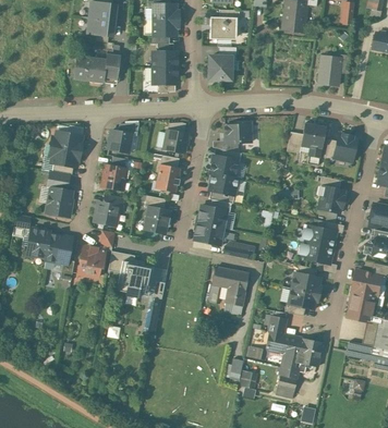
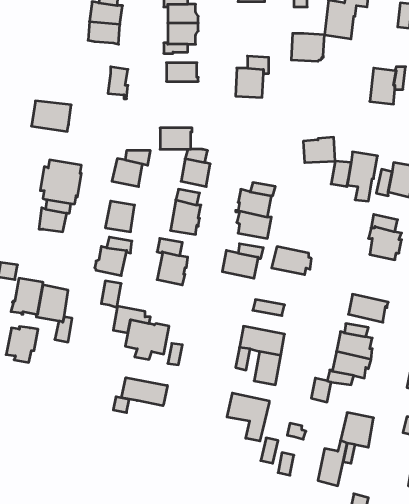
building: [209,17,237,40] -> [291,33,325,61]
building: [73,58,106,83] -> [31,101,71,131]
building: [151,68,178,85] -> [160,128,192,149]
building: [225,123,251,144] -> [303,137,335,163]
building: [47,188,72,218] -> none
building: [193,223,226,246] -> [272,247,311,275]
building: [304,227,336,248] -> none
building: [78,248,105,278] -> [6,327,38,362]
building: none -> [122,378,167,406]
building: [265,331,300,370] -> [227,393,269,441]

